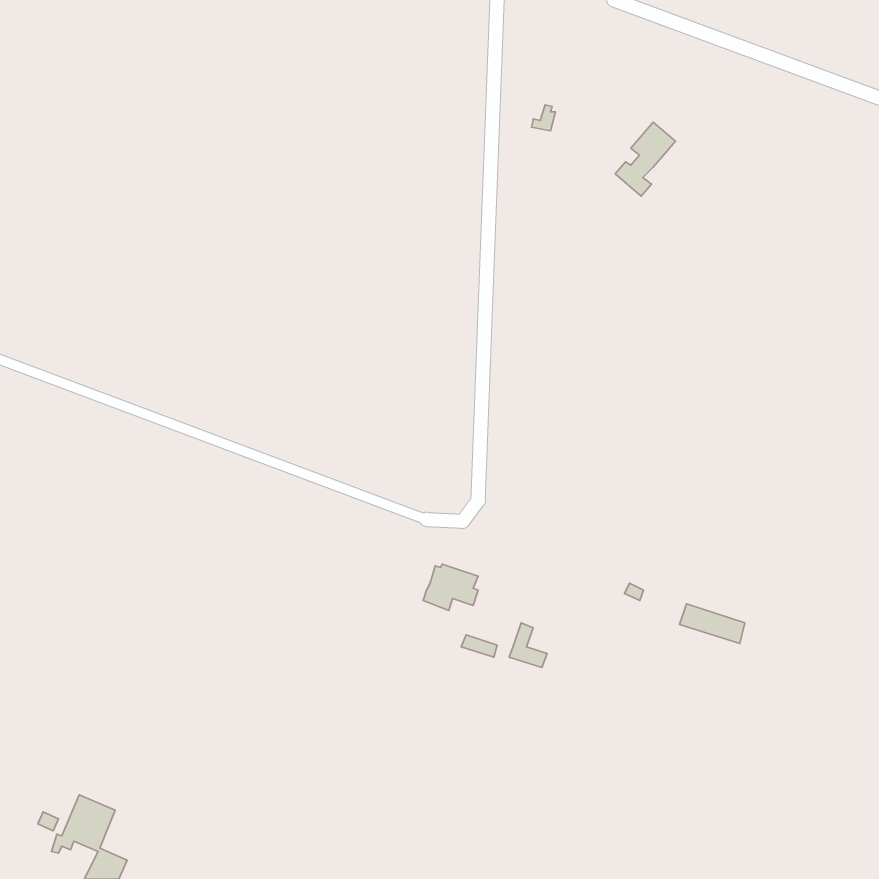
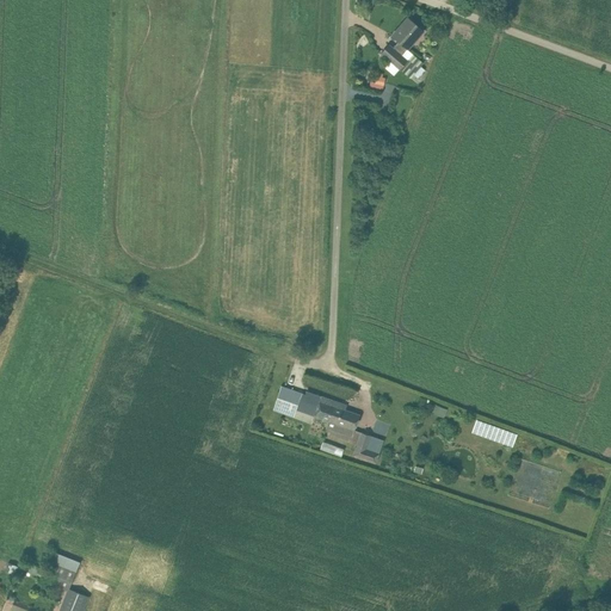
building: [615,122,675,196] -> [382,18,424,69]
building: none -> [273,385,302,416]
building: none -> [326,400,360,434]

